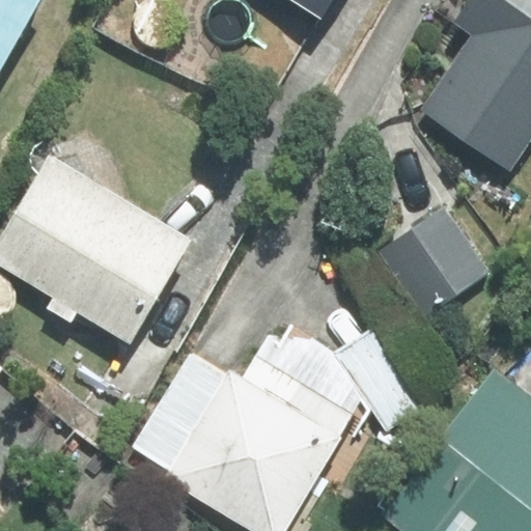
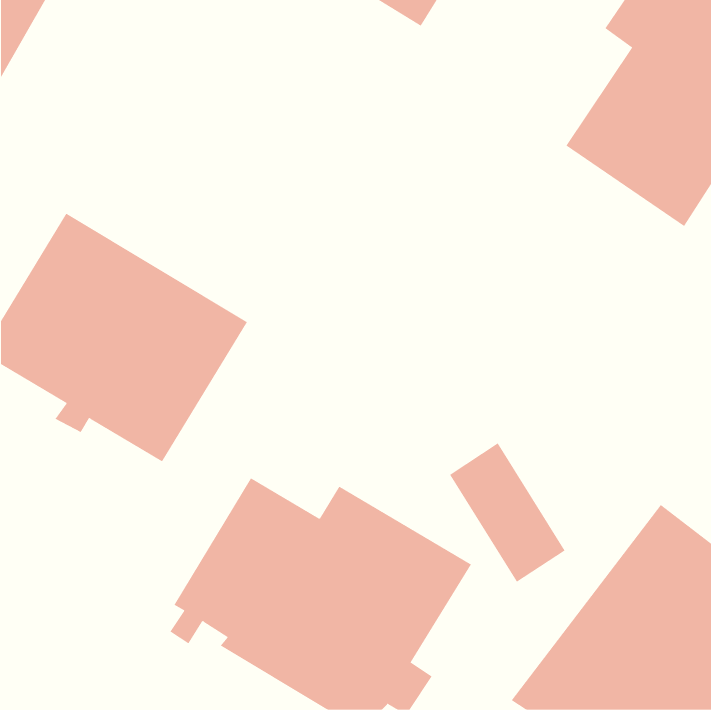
building: [381,208,487,315] -> none

